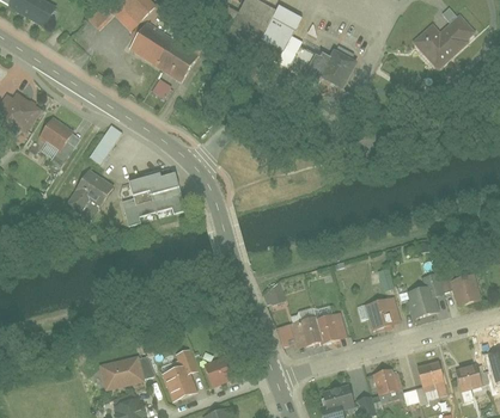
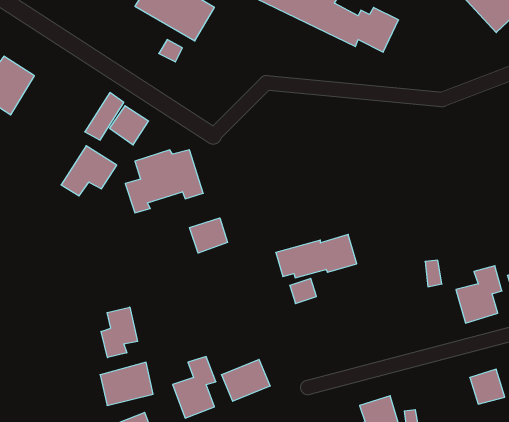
building: [41,117,74,150] -> [110,106,149,145]
building: none -> [190,218,227,253]
building: [365,296,401,330] -> none
building: none -> [101,307,138,358]
building: [279,311,348,348] -> [276,234,357,278]
building: [372,368,402,395] -> none

